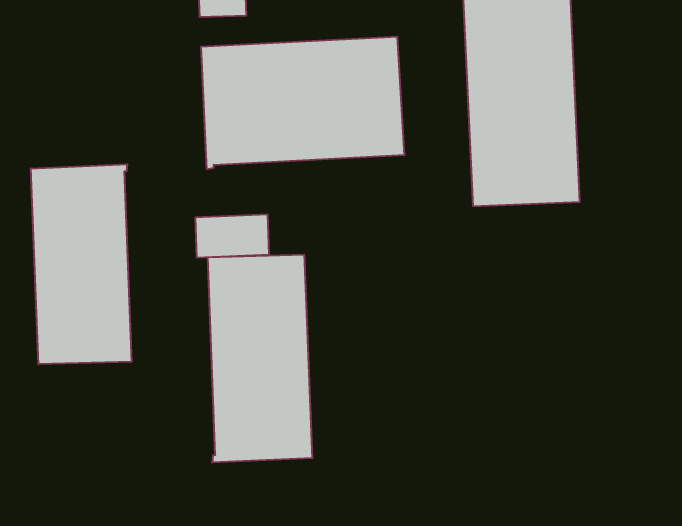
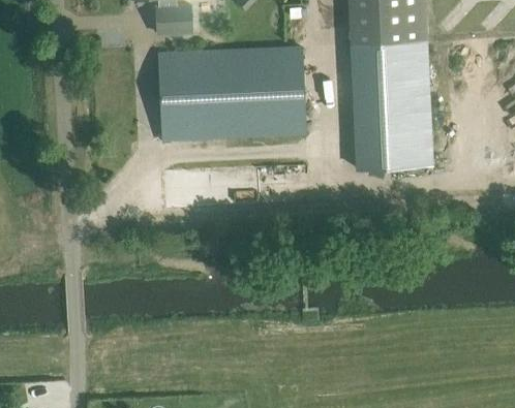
building: [31,164,132,364] -> none
building: [208,255,312,463] -> none

